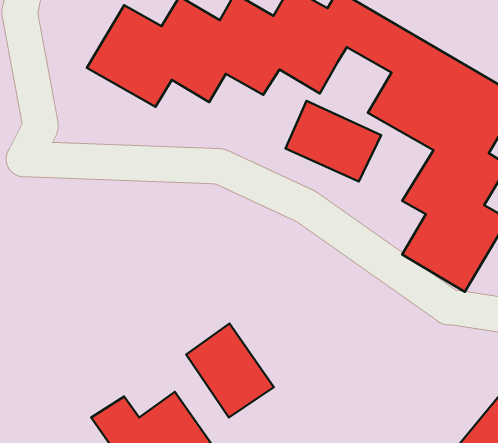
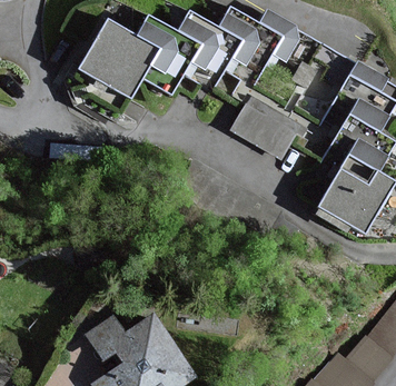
building: [186,323,274,417] -> none

